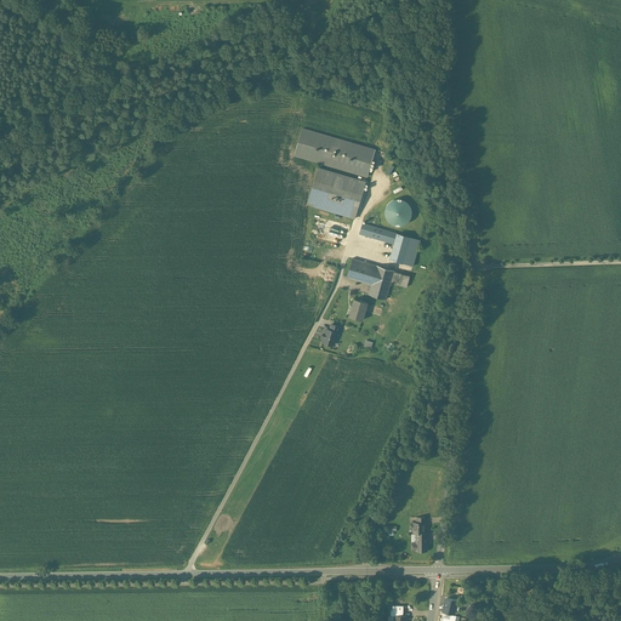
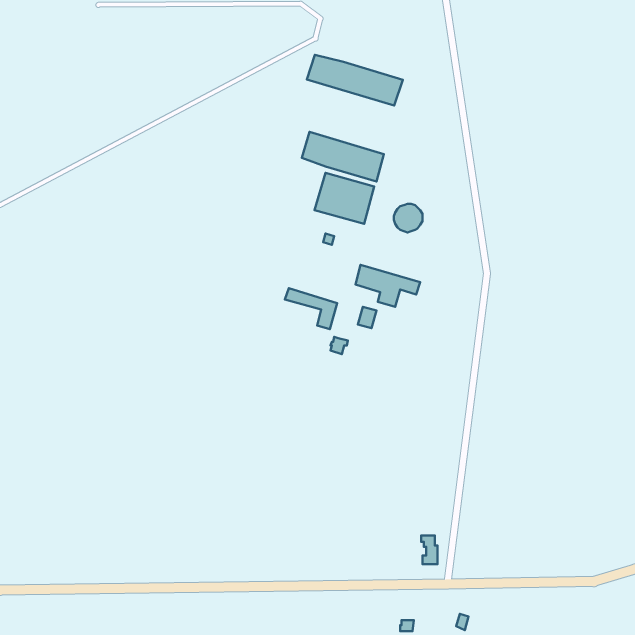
building: none -> [307,55,403,106]
building: [359,223,410,263] -> [285,288,337,329]

